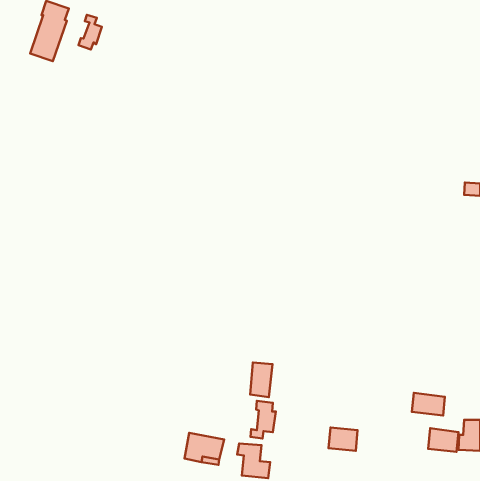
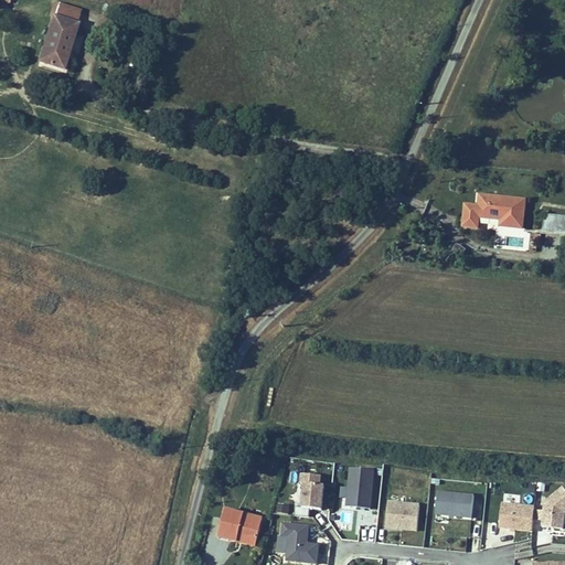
building: [78,15,102,50] -> none
building: none -> [461,193,526,228]
building: [250,362,273,397] -> [345,466,372,507]
building: [412,393,445,416] -> [436,490,475,516]

